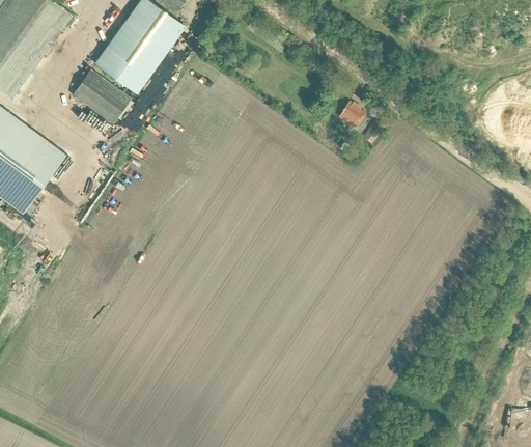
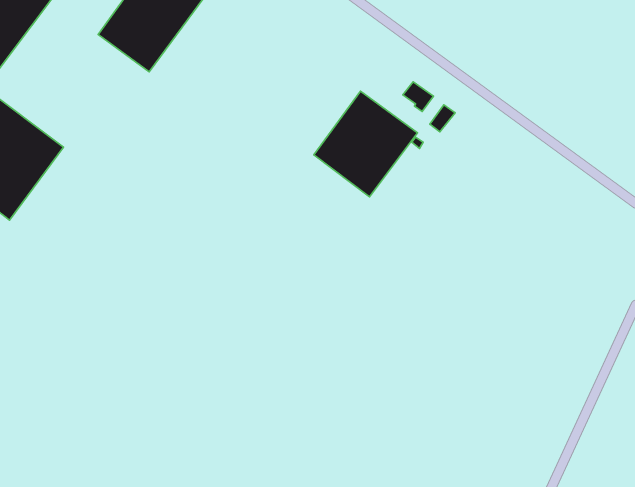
building: [72,68,131,123] -> none
building: none -> [314,91,418,197]

